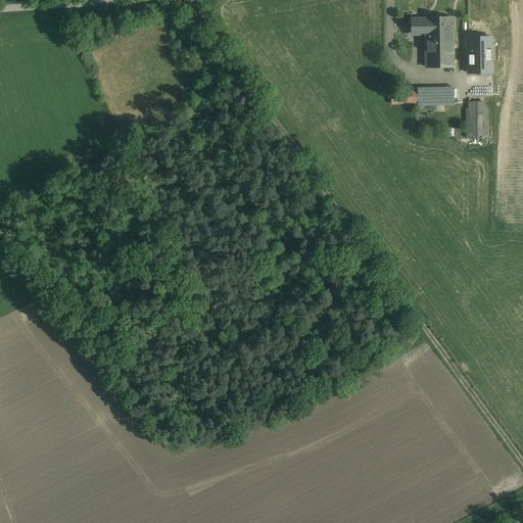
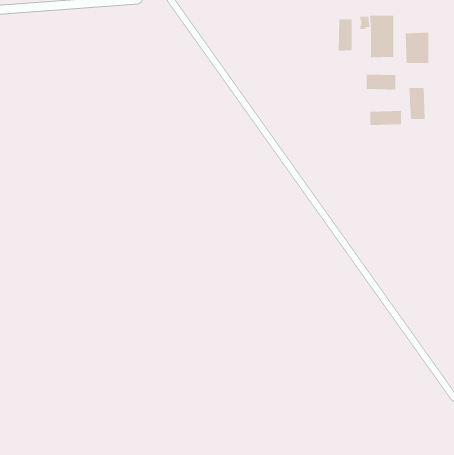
building: none -> [338,19,352,51]
building: none -> [370,110,402,126]

